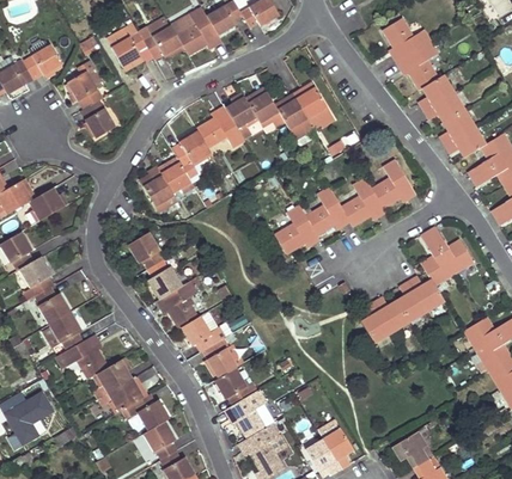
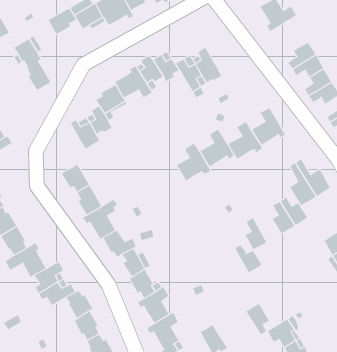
building: [396,42,440,91] -> none
building: [374,296,410,333] -> [234,244,262,273]
building: [323,428,354,468] -> [246,303,270,335]

